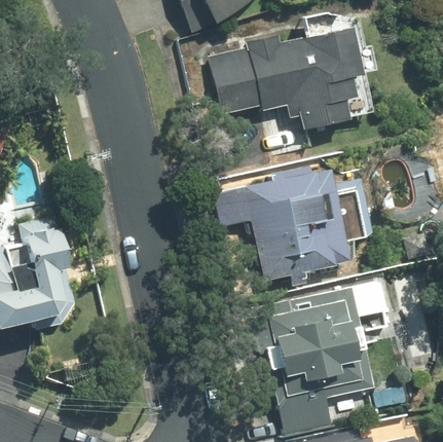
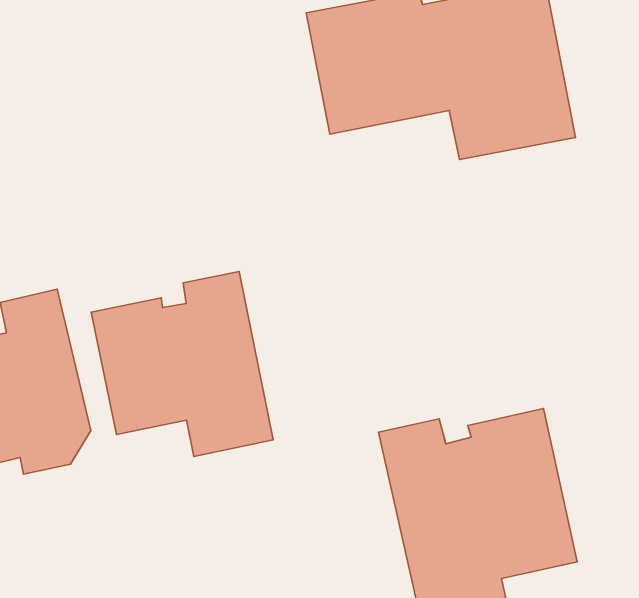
building: [219,164,367,281] -> none
building: none -> [91,271,273,457]

